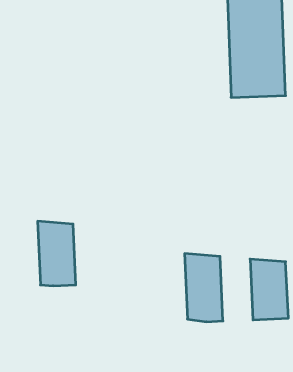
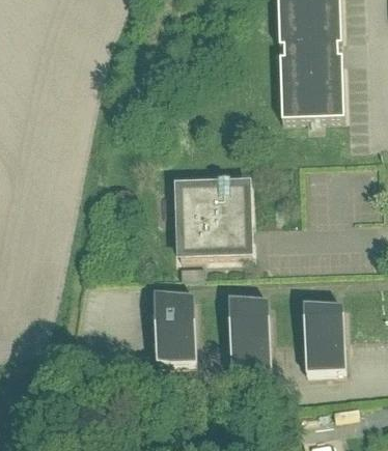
building: none -> [178,176,252,254]
building: [38,221,76,286] -> [155,289,198,363]

